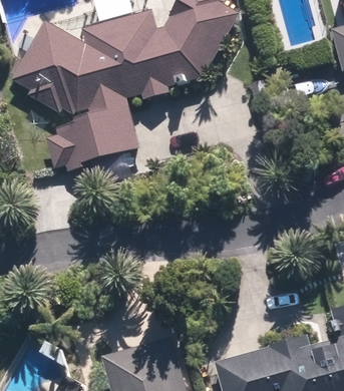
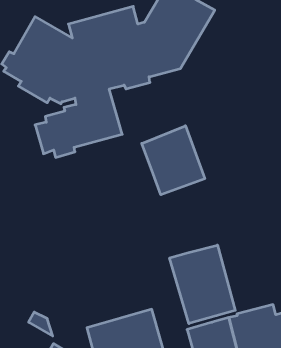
building: none -> [142,126,205,195]
building: none -> [170,245,235,324]

